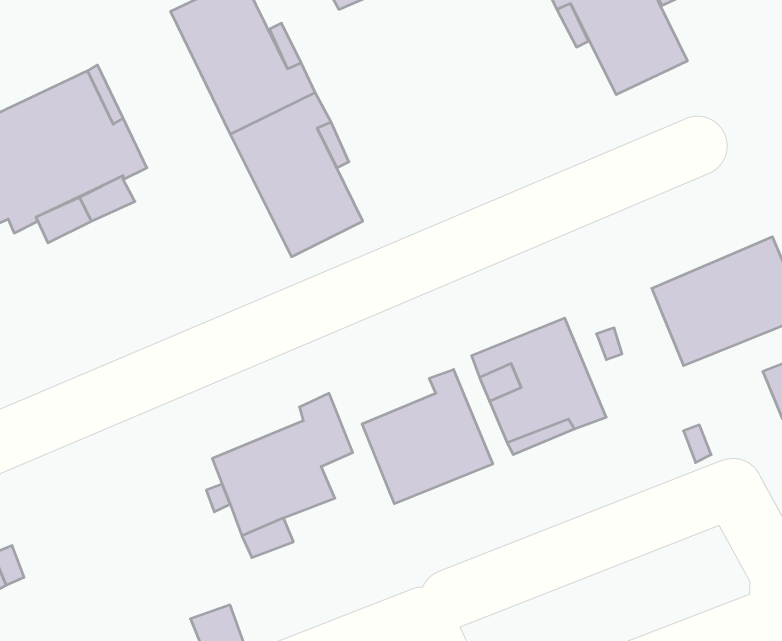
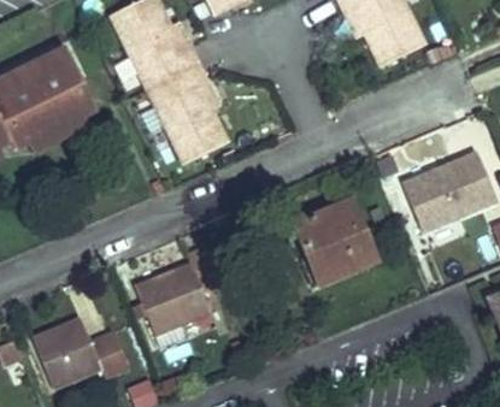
building: [362,369,493,504] -> none
building: none -> [31,317,131,387]

